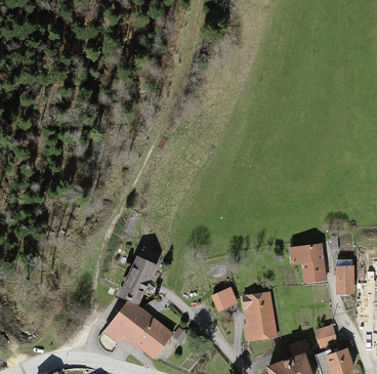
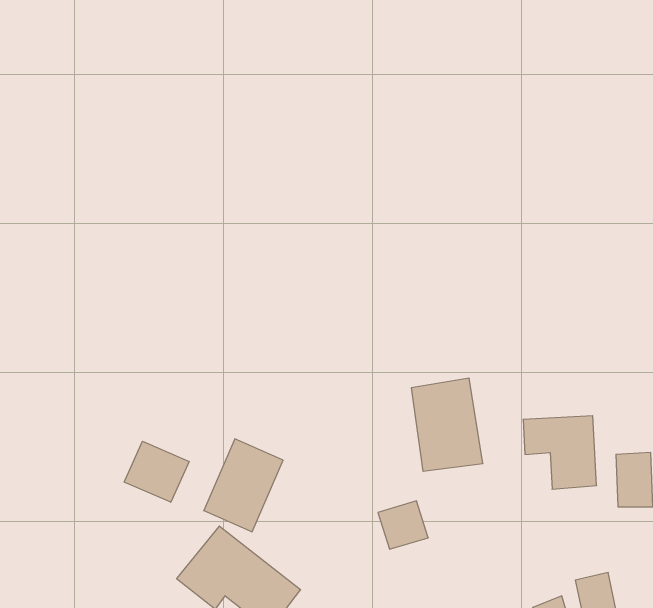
building: none -> [124,441,189,502]
building: [241,292,279,341] -> [411,378,483,471]

